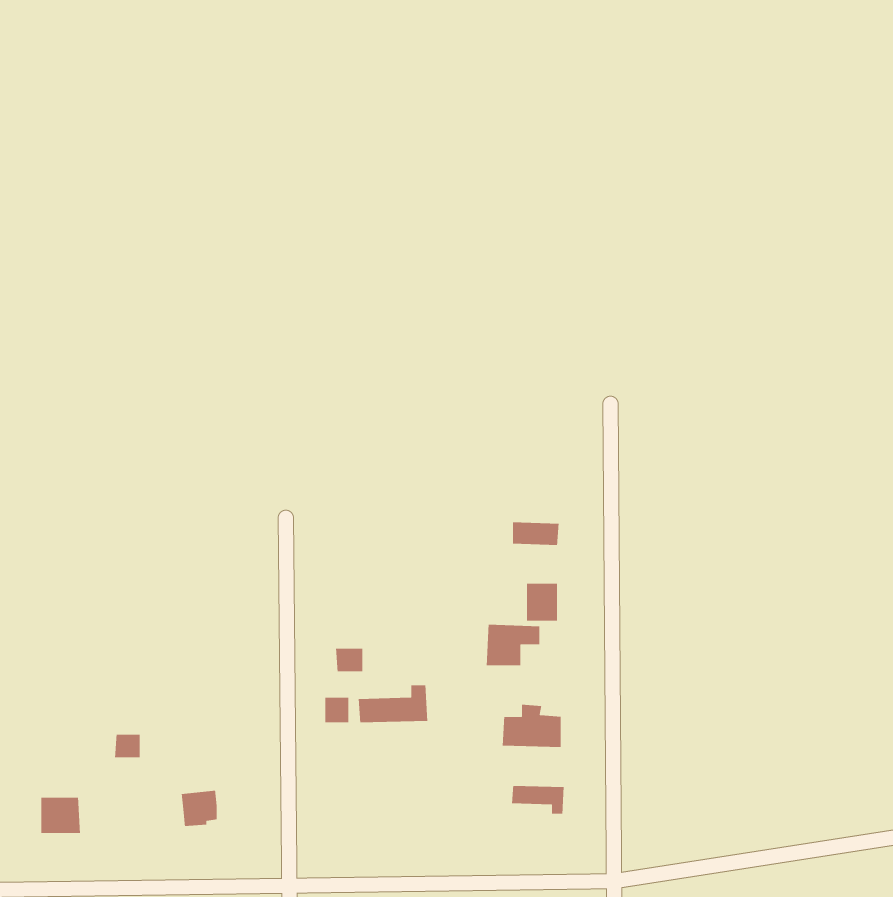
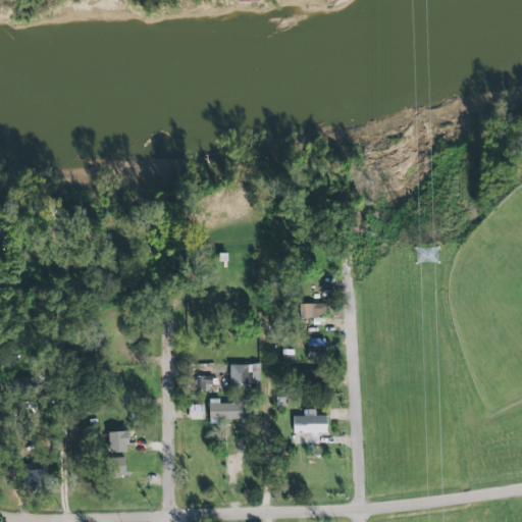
building: [486,624,540,666] -> [229,364,261,388]
building: none -> [108,431,128,453]
building: [511,785,565,815] -> none

